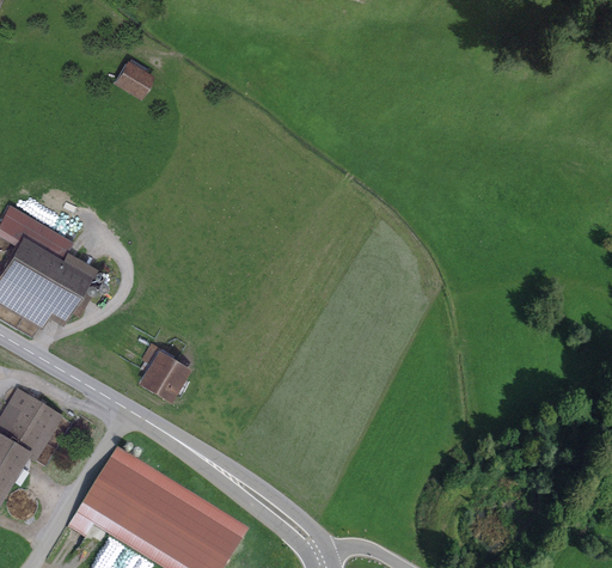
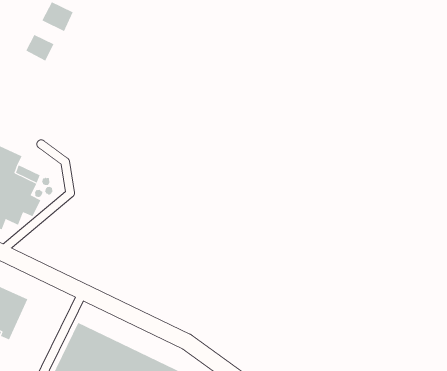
building: none -> [25,34,54,61]
building: [136,342,189,402] -> none

